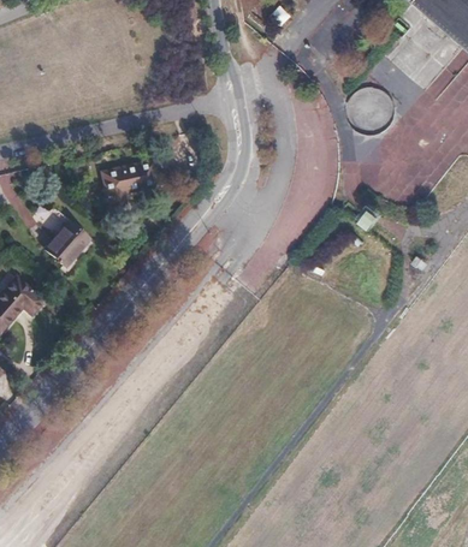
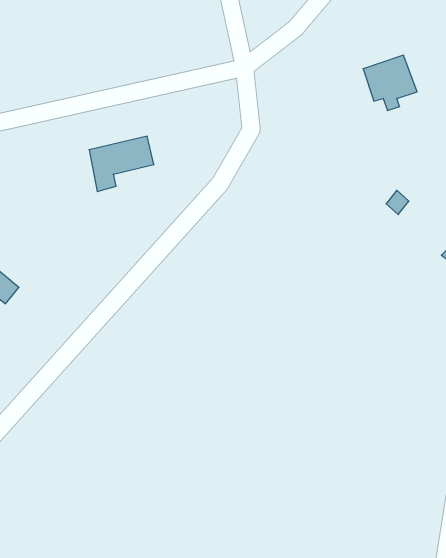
building: [46,221,90,267] -> none

